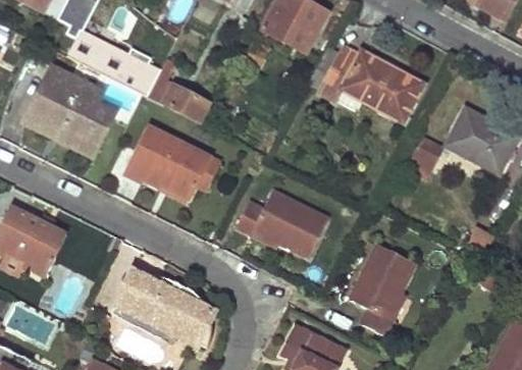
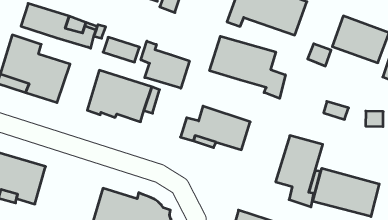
building: none -> [141,41,189,88]
building: none -> [210,36,285,98]
building: none -> [313,168,379,217]

